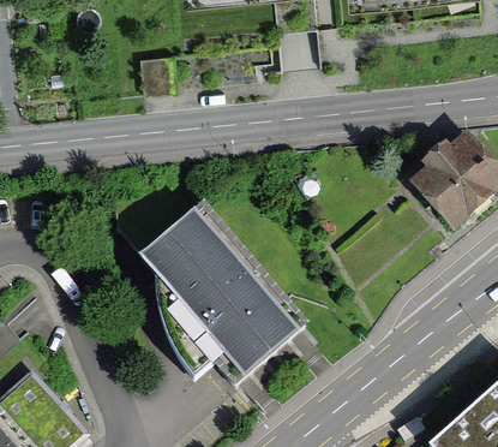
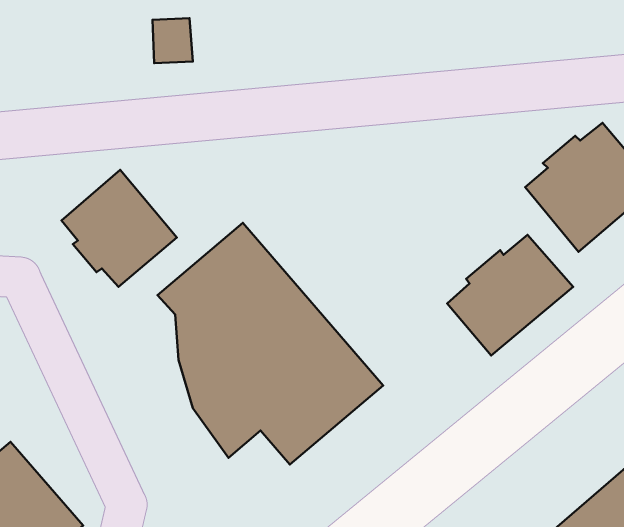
building: none -> [61,170,177,287]
building: none -> [447,235,573,356]

